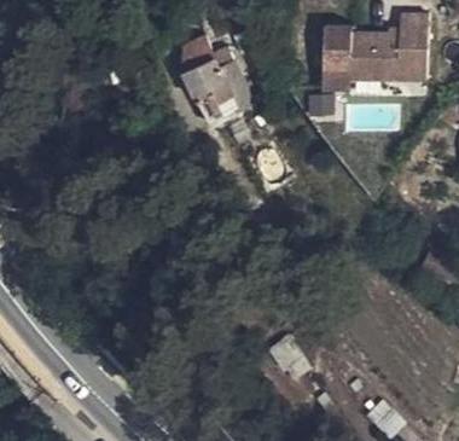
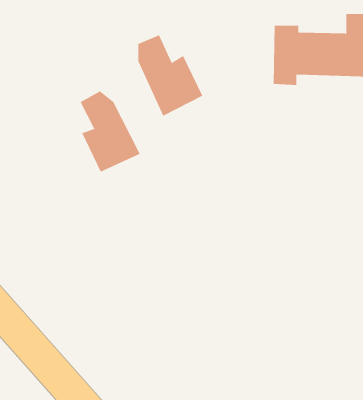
building: none -> [80,91,141,173]

